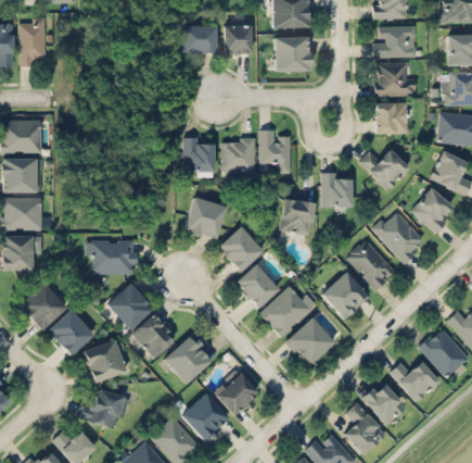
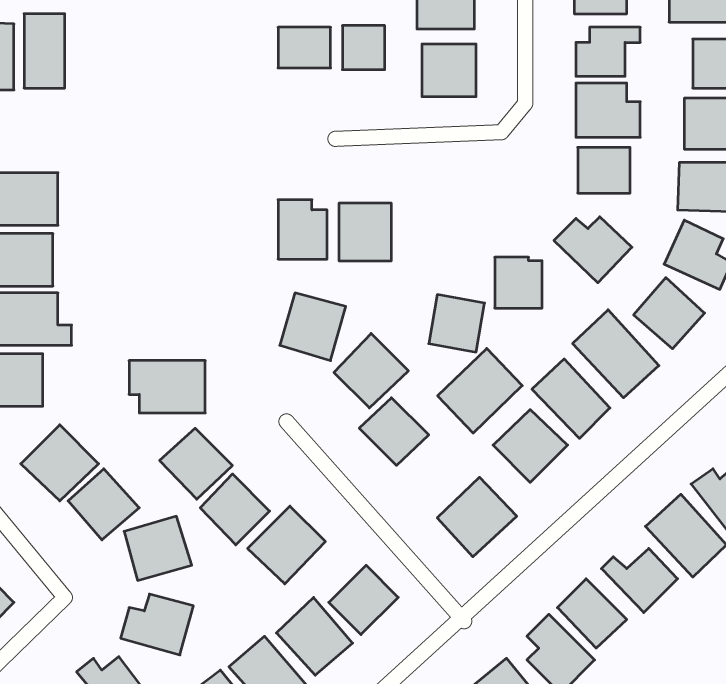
building: [259,130,290,172] -> none
building: [259,284,314,338] -> [438,348,522,433]

